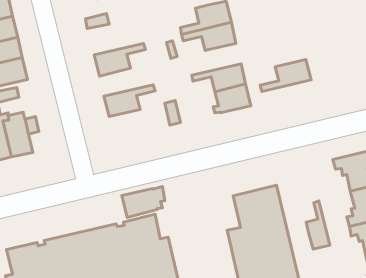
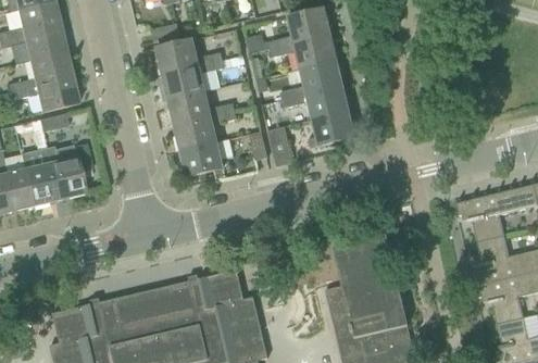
building: none -> [154,38,222,73]
building: [260,60,311,91] -> [279,59,342,98]
building: none -> [167,89,234,124]
building: none -> [267,125,293,166]
building: [122,187,165,217] -> [179,138,233,176]
building: [306,201,330,249] -> none

